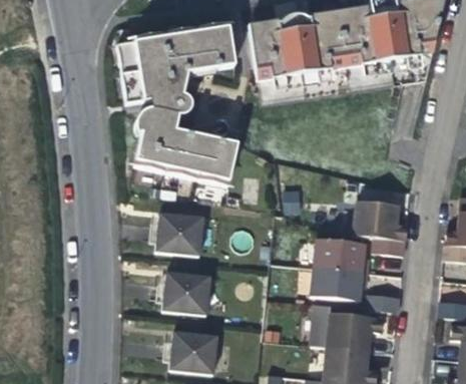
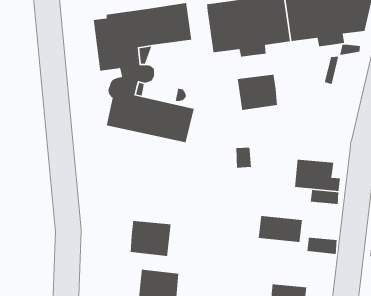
building: none -> [237,74,278,111]
building: [154,213,202,255] -> none
building: [314,240,366,273] -> none
building: [310,303,381,351] -> none

